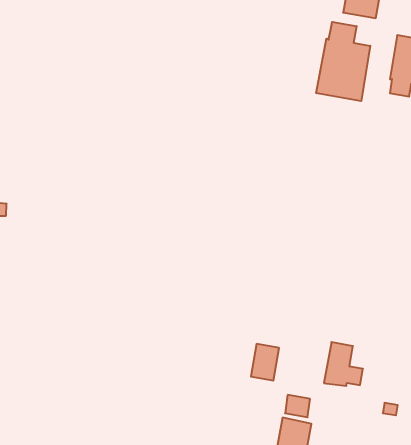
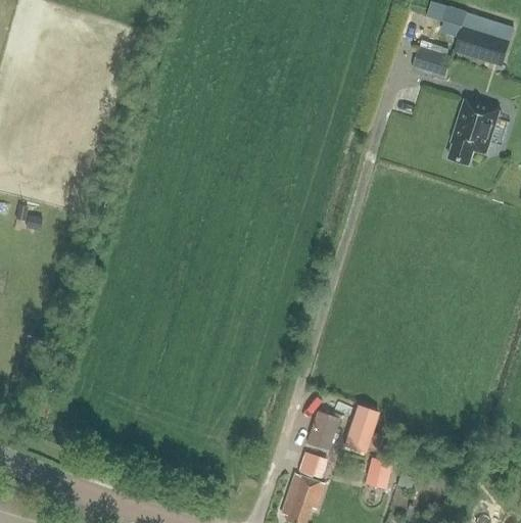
building: [316,22,370,101] -> none
building: [251,344,279,381] -> [306,411,339,450]
building: none -> [365,459,392,488]

